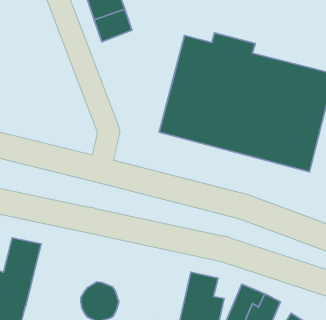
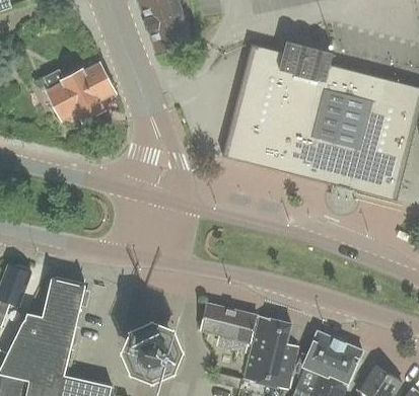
building: none -> [45,66,114,118]
building: none -> [200,302,258,350]

